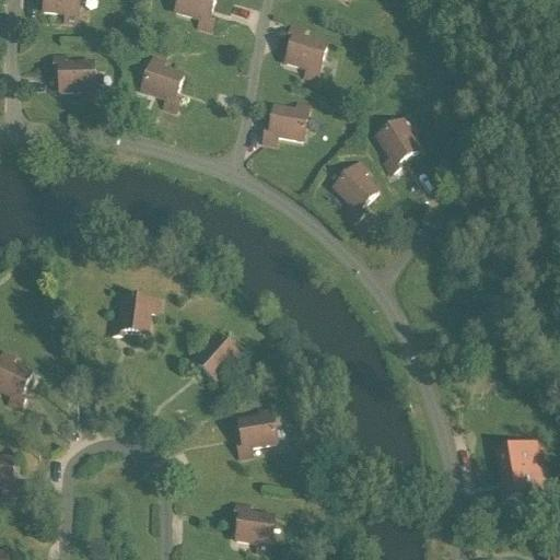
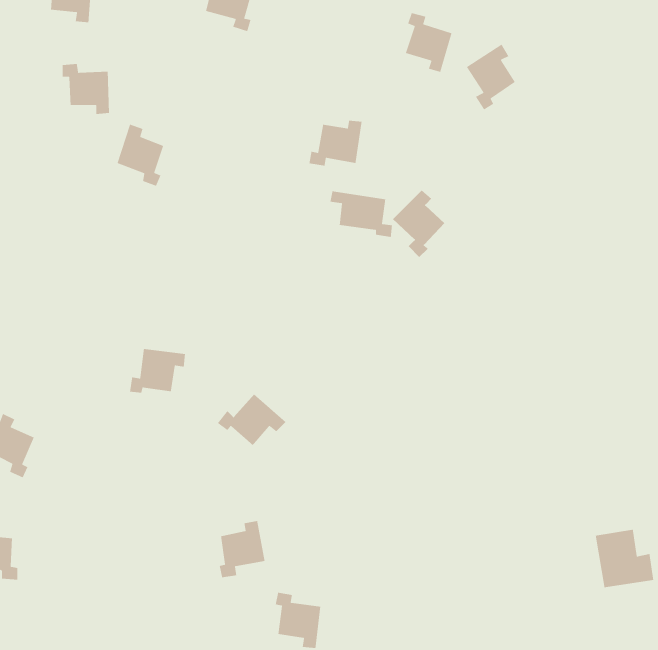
building: [284,25,325,77] -> [405,12,452,73]
building: [141,55,182,108] -> [116,124,164,187]
building: [375,115,418,172] -> [466,43,516,111]
building: none -> [330,190,393,238]
building: [236,406,276,455] -> [219,520,265,578]

